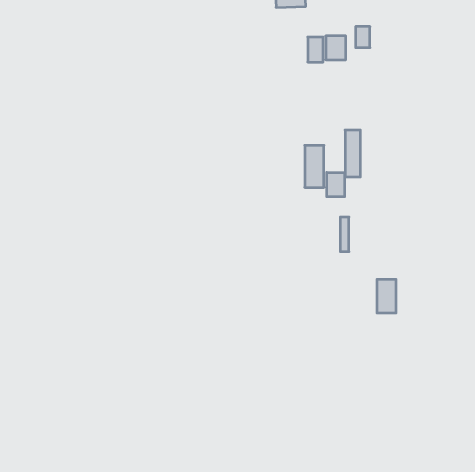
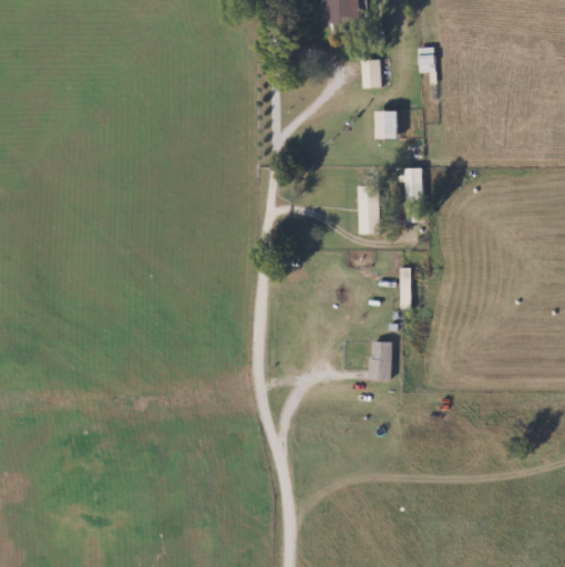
building: [326,36,346,60] -> [378,111,401,138]
building: [327,172,345,197] -> none
building: [377,279,396,313] -> [370,341,392,380]

